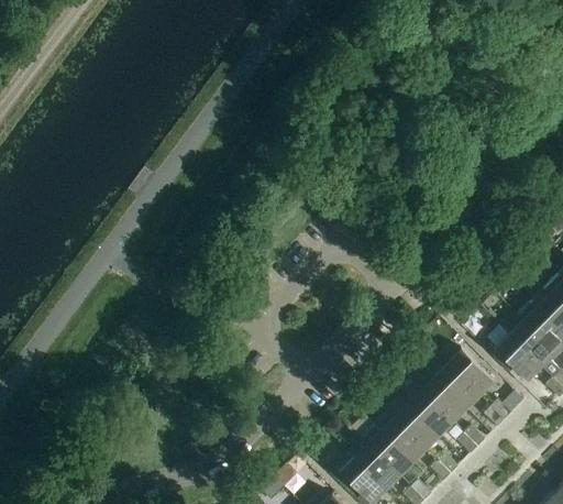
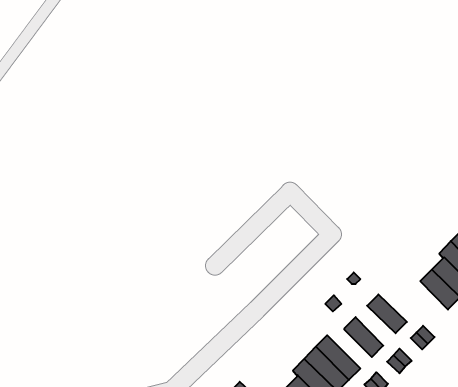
building: [446,350,494,396] -> none
building: [420,377,466,424] -> none
building: [387,398,439,450] -> none

